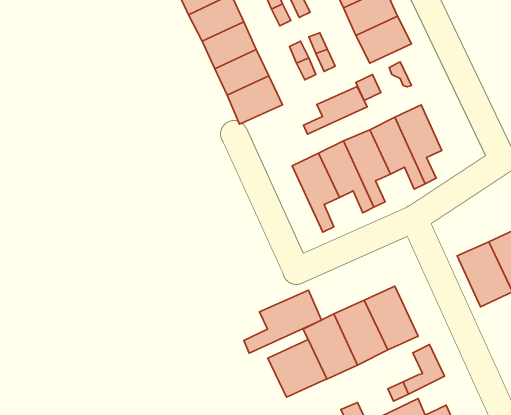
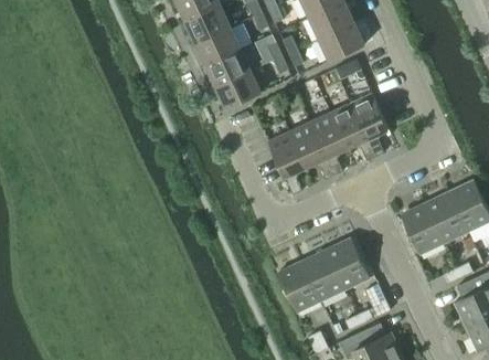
building: [304,86,367,134] -> none
building: [244,290,322,353] -> none
building: [268,340,327,397] -> none

